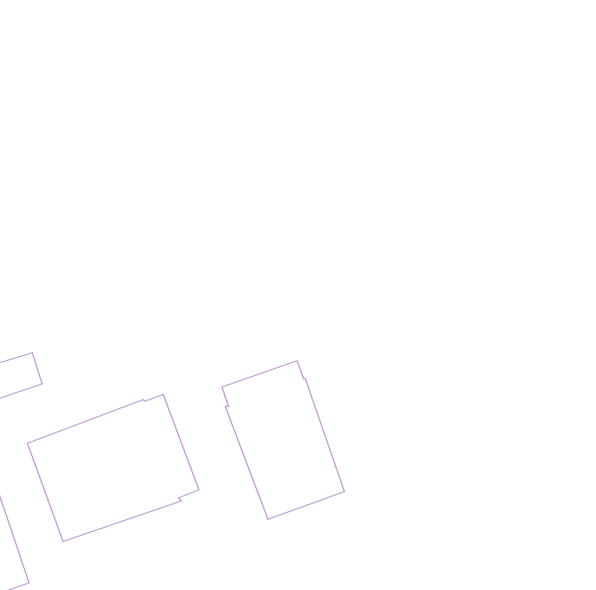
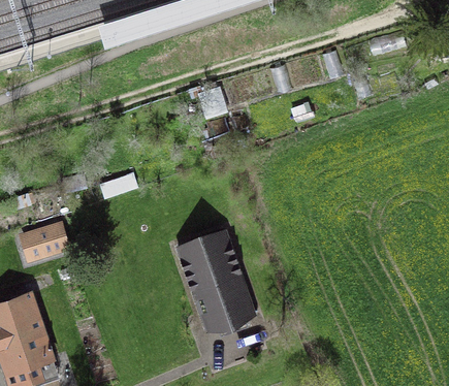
building: [28,394,199,542] -> none

